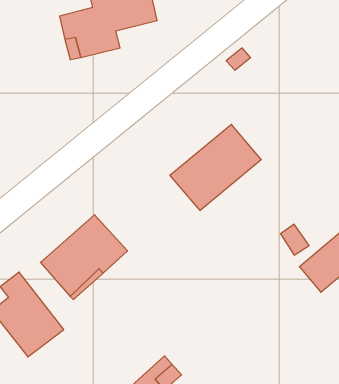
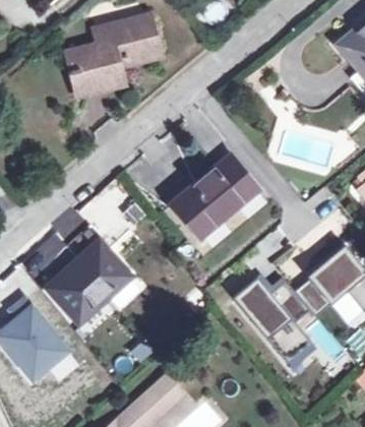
building: none -> [233,277,311,362]

